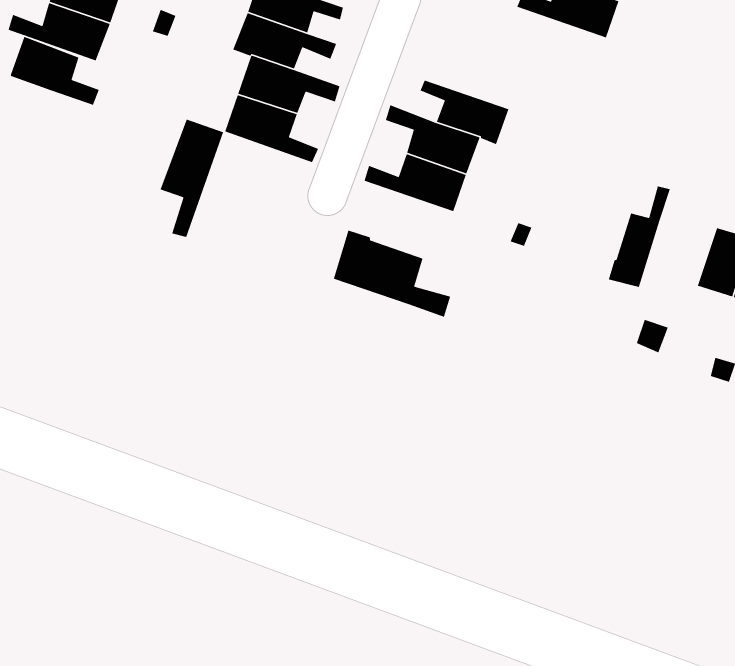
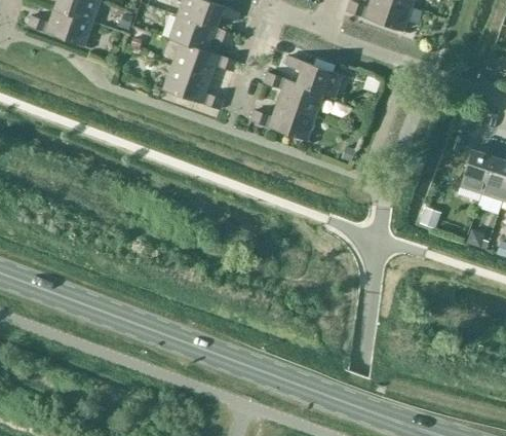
building: [10,36,100,106] -> none
building: [159,118,224,238] -> none
building: [608,185,671,288] -> none
building: [333,230,451,318] -> none

